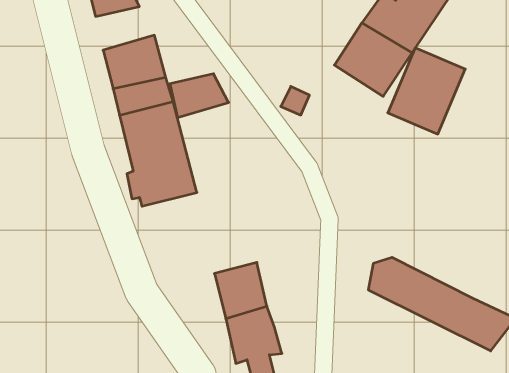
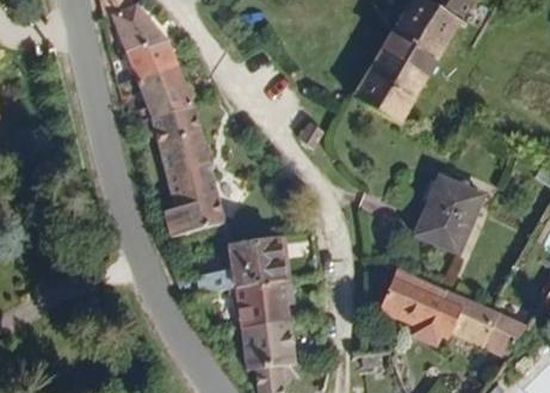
building: [388,48,465,134] -> [418,164,492,246]
building: [170,74,229,117] -> [123,35,179,76]
building: none -> [199,235,277,297]

